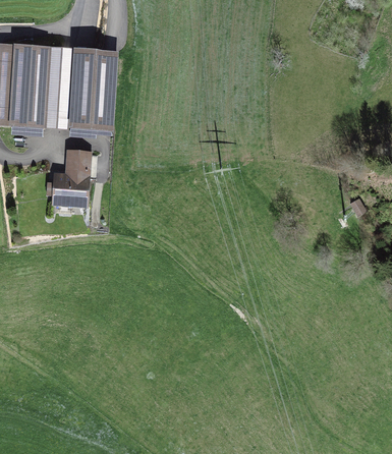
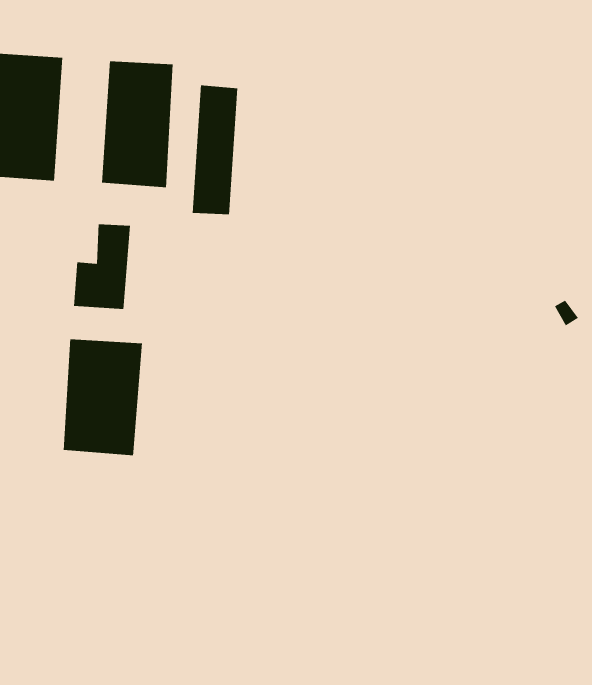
building: [45,48,73,128] -> [192,85,238,215]
building: none -> [63,338,142,456]

